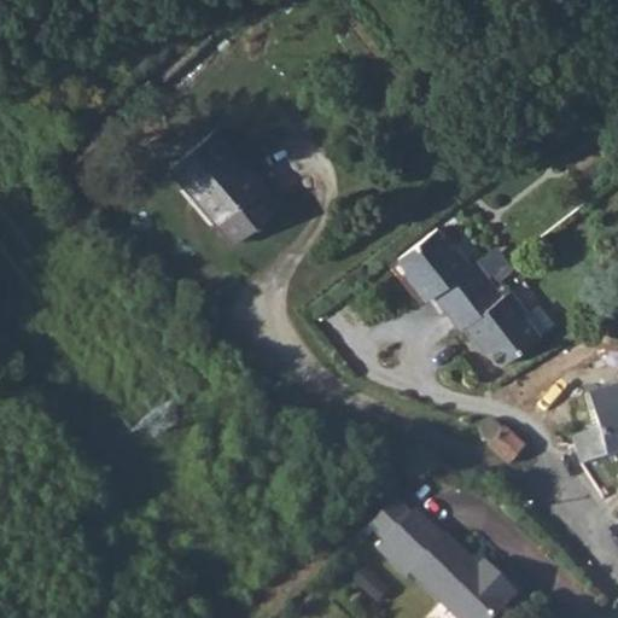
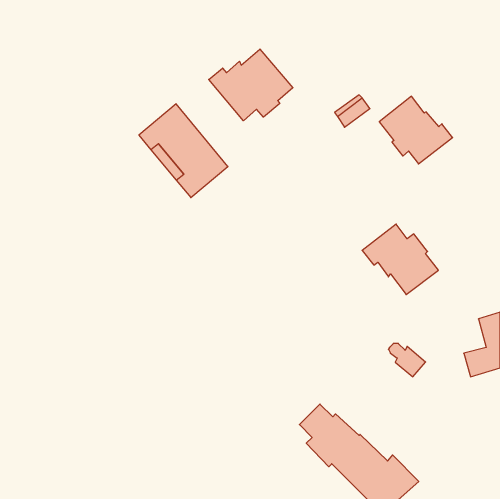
building: none -> [209,49,293,121]
building: [398,227,489,310] -> [379,96,453,164]

